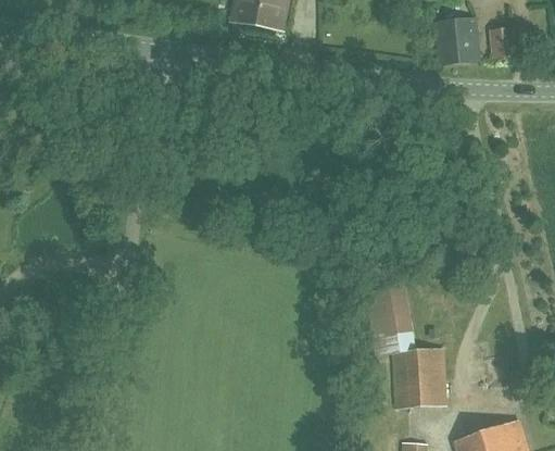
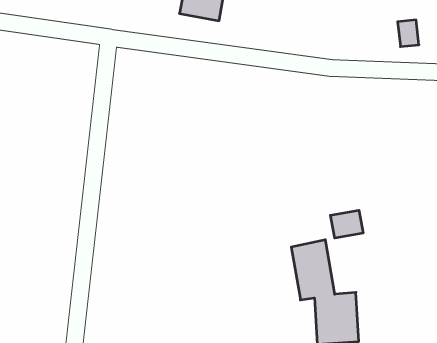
building: [434,16,479,63] -> none
building: none -> [330,210,363,238]

